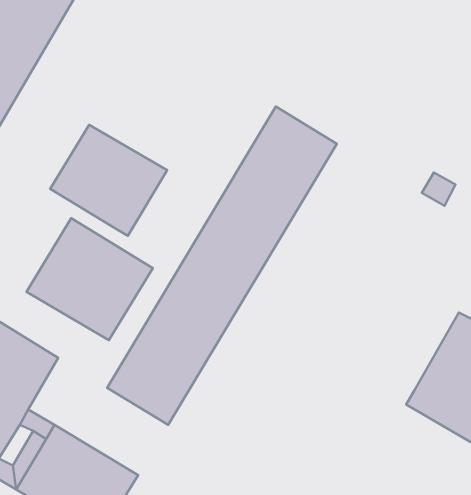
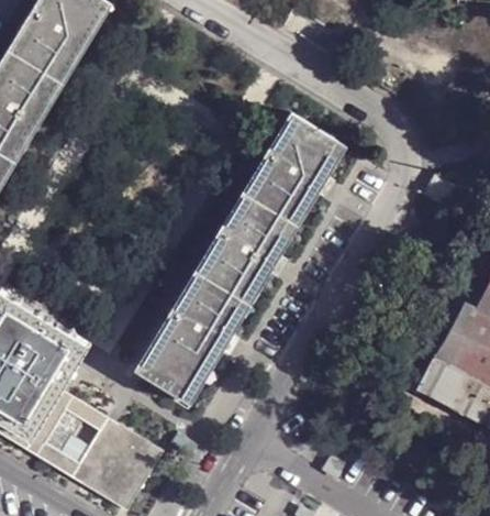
building: [50,125,167,236] -> none
building: [27,218,153,340] -> none

